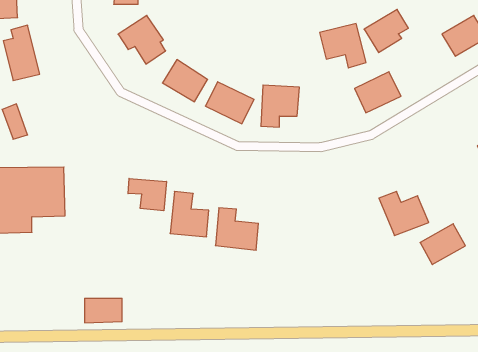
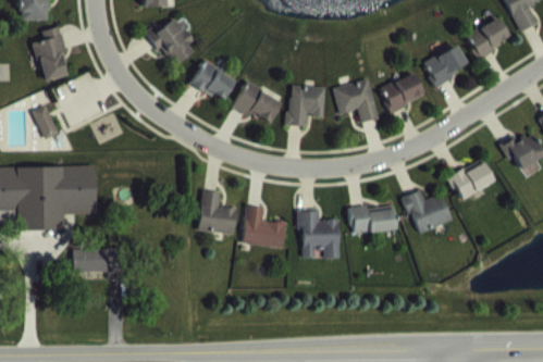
building: [364,9,408,53] -> [423,45,467,87]
building: [320,24,366,68] -> [333,79,379,123]
building: [128,178,166,211] -> none
building: none -> [349,205,396,235]
building: none -> [297,211,340,259]
building: [420,224,465,265] -> [449,160,494,200]
building: [85,298,122,323] -> [73,249,110,273]

